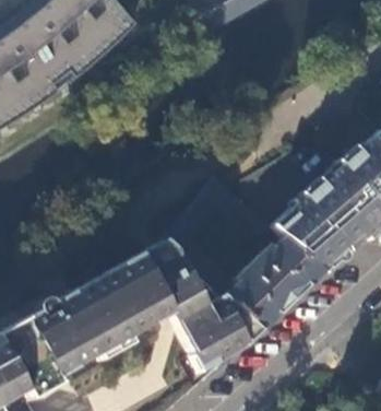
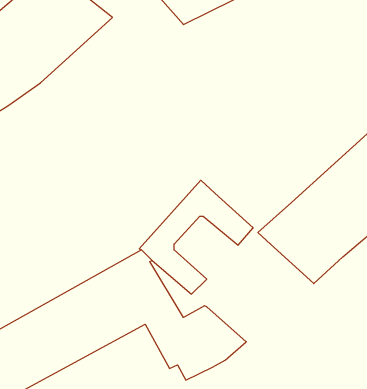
building: [223,238,320,330] -> none

